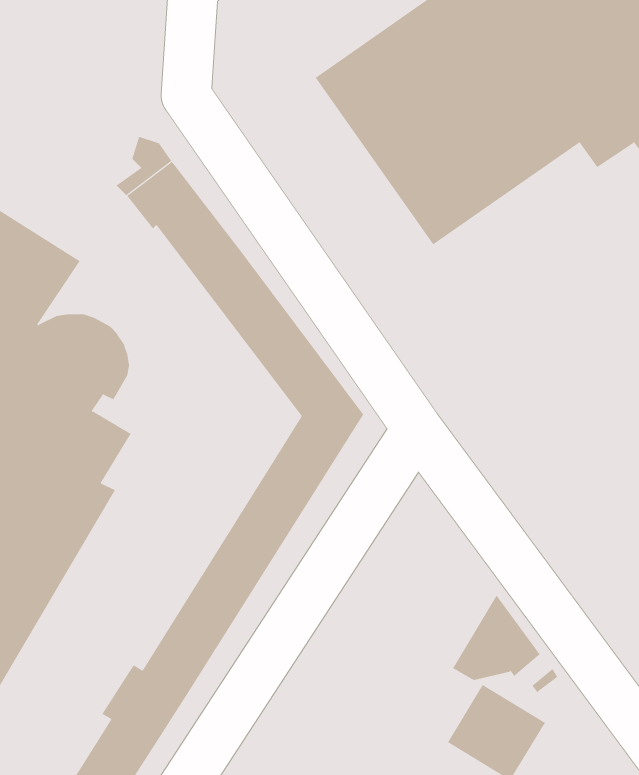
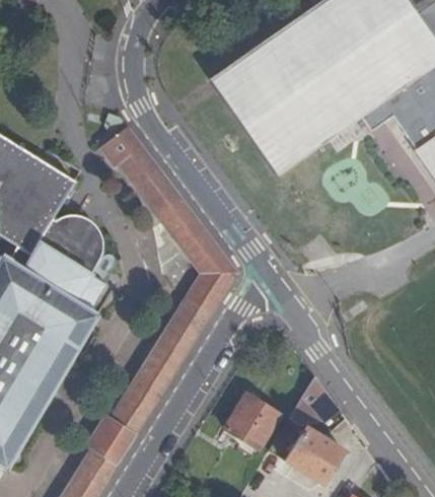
building: none -> [226,395,280,449]

